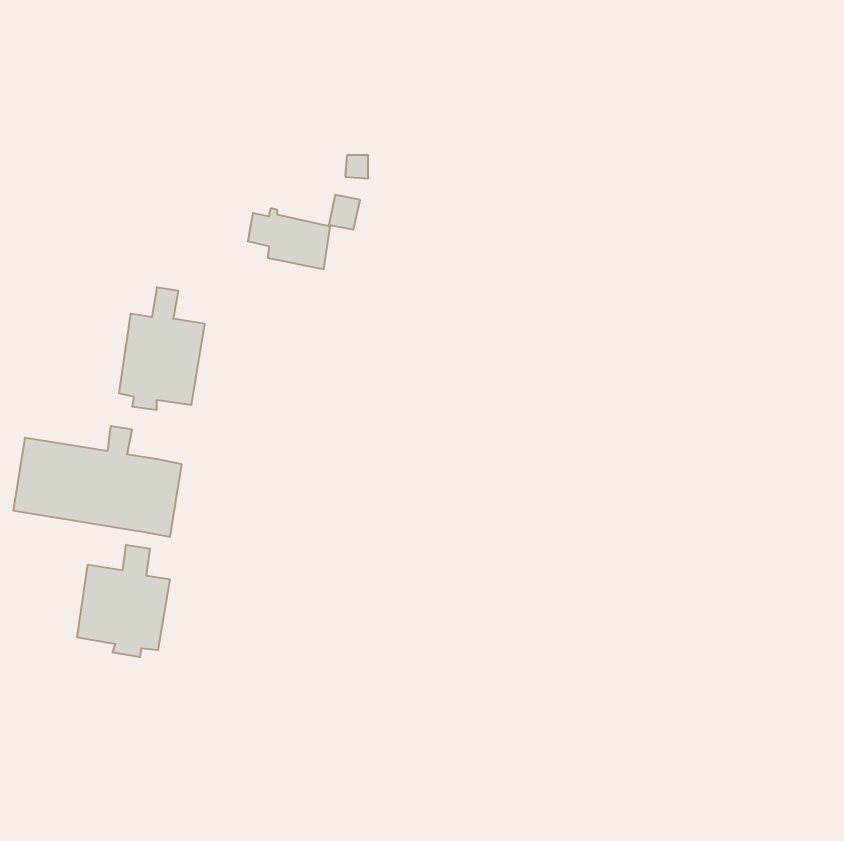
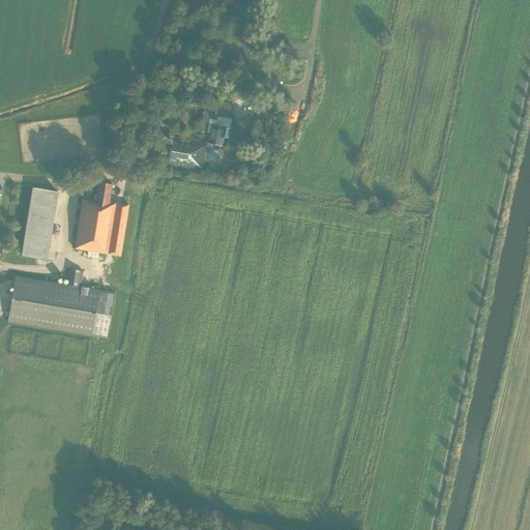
building: none -> [22,186,58,258]
building: [77,545,170,657] -> none

